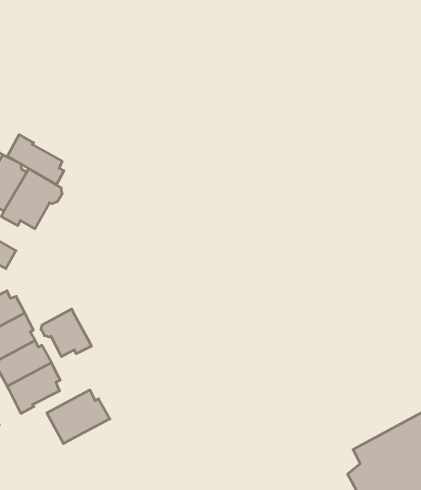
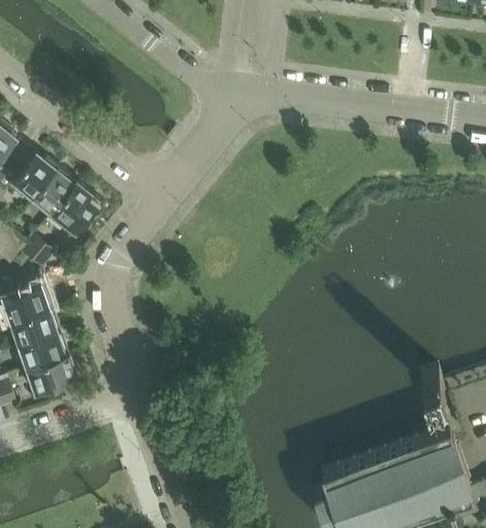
building: [7,135,64,185] -> none
building: [41,309,91,357] -> none
building: [47,390,110,444] -> none

